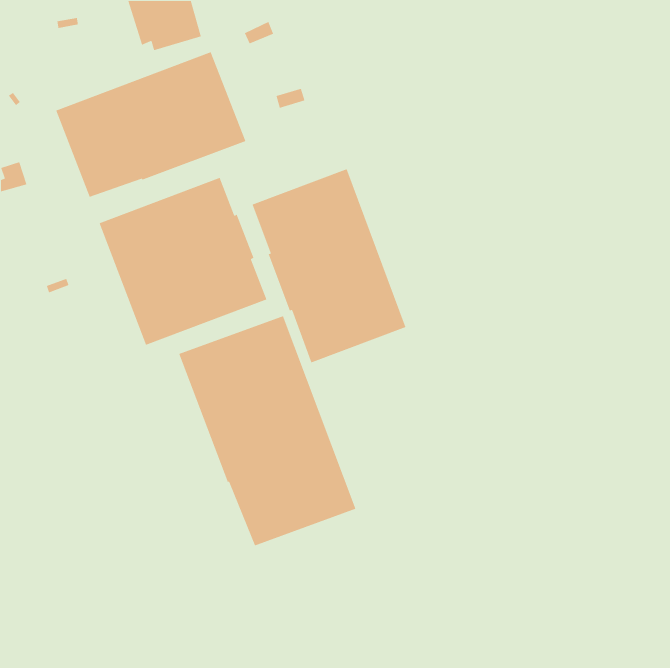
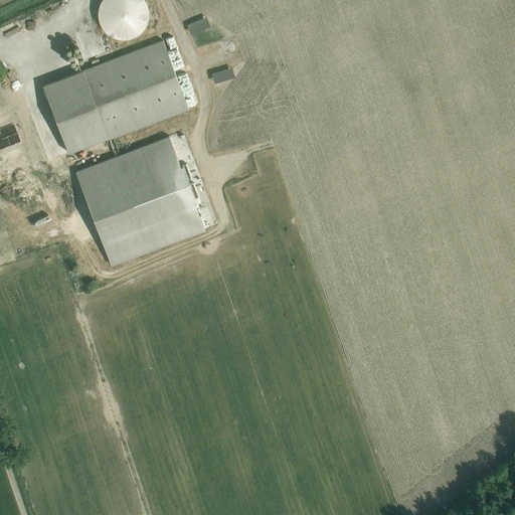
building: [251,168,407,363] -> none
building: [178,315,357,546] -> none

